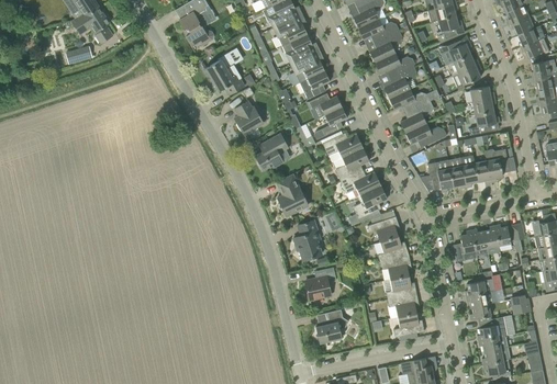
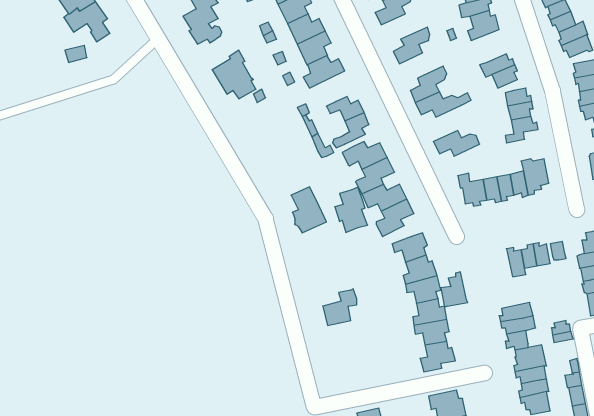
building: [358,19,400,42] -> none
building: [438,35,471,63] -> none
building: [375,54,424,77] -> none
building: [300,70,331,100] -> none
building: [235,101,264,135] -> none
building: [401,101,434,134] -> none
building: [255,133,289,171] -> none
building: [293,221,323,261] -> [335,187,368,232]
building: [454,230,478,262] -> [441,272,468,307]
building: [315,309,349,343] -> none

